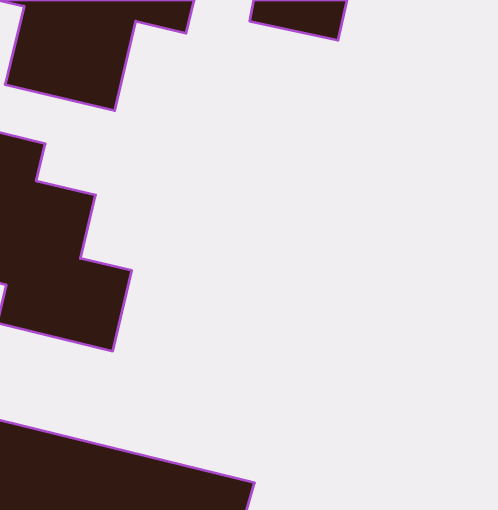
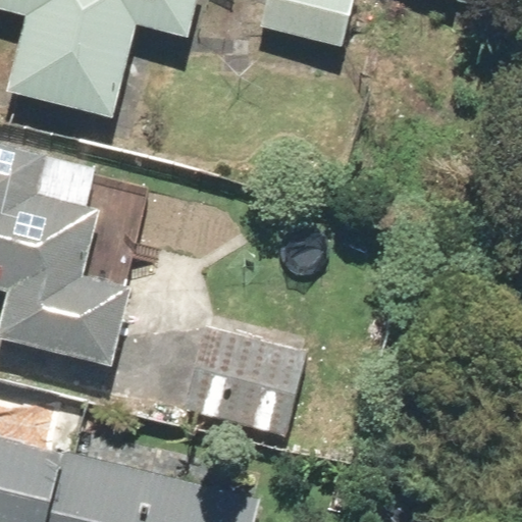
building: none -> [177,324,296,436]

